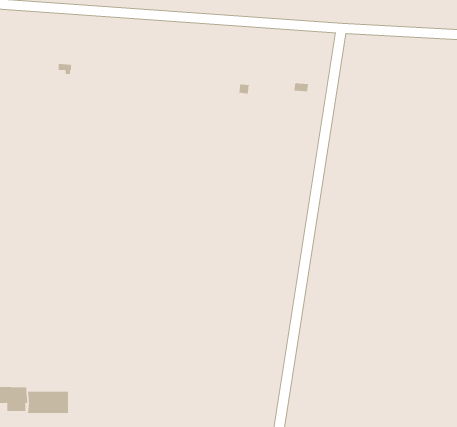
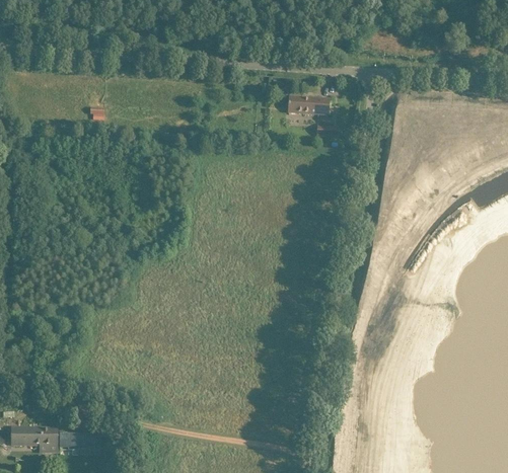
building: none -> [285,95,326,114]

